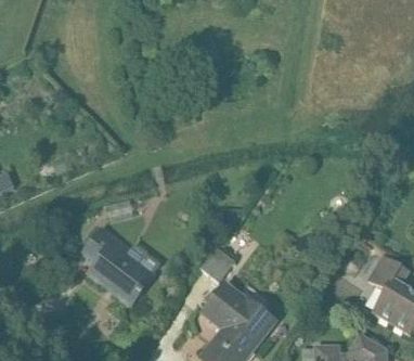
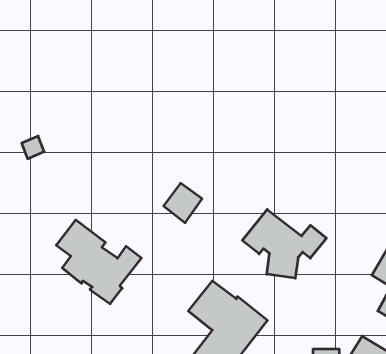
building: none -> [242,209,326,278]
building: [200,245,235,281] -> [164,183,202,223]

